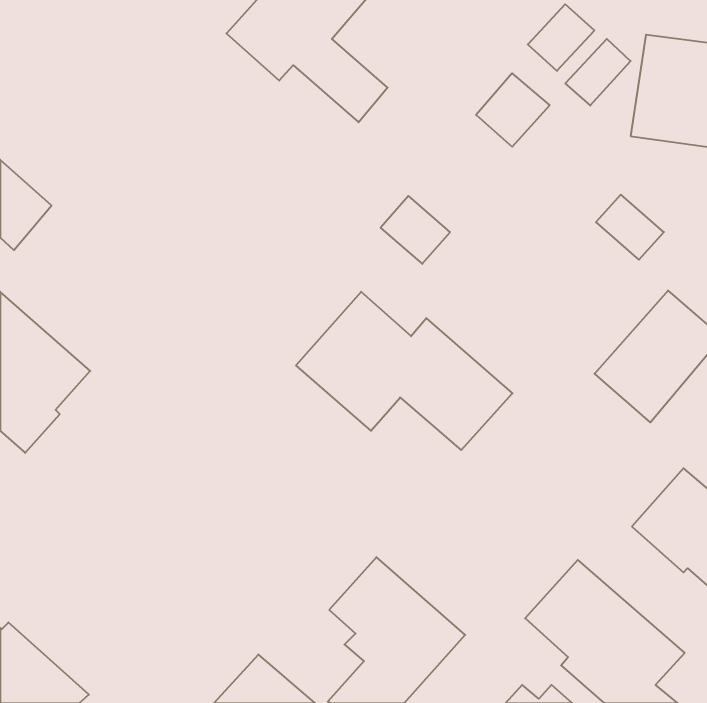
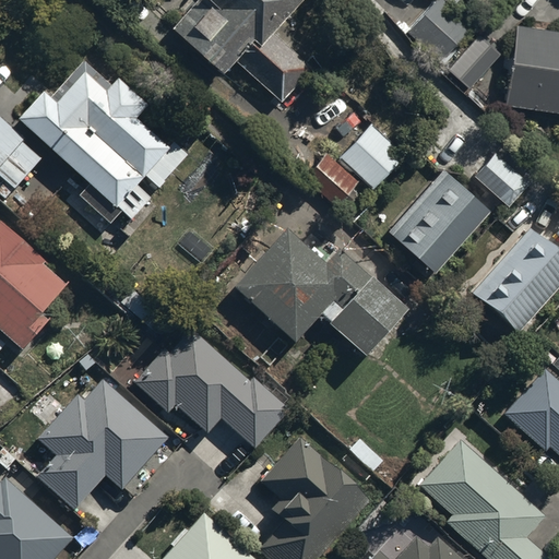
building: [476,73,550,147] -> [344,128,402,186]
building: none -> [20,84,171,228]
building: none -> [390,170,488,270]
building: none -> [139,331,289,448]
building: none -> [38,380,171,511]

